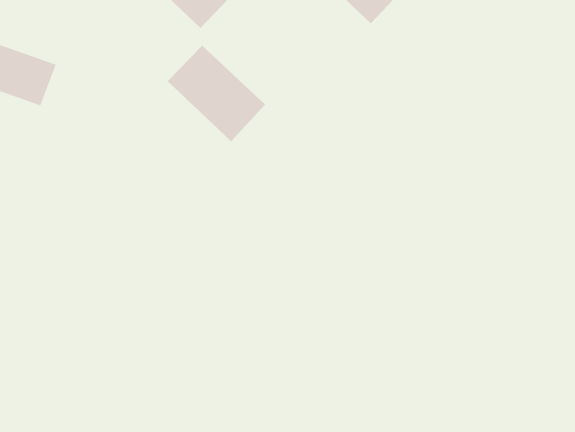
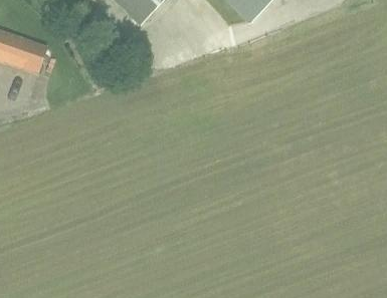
building: [167,45,266,142] -> none

